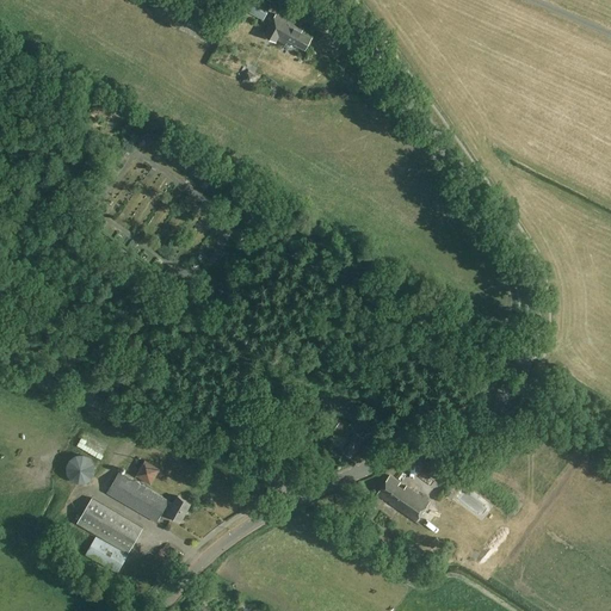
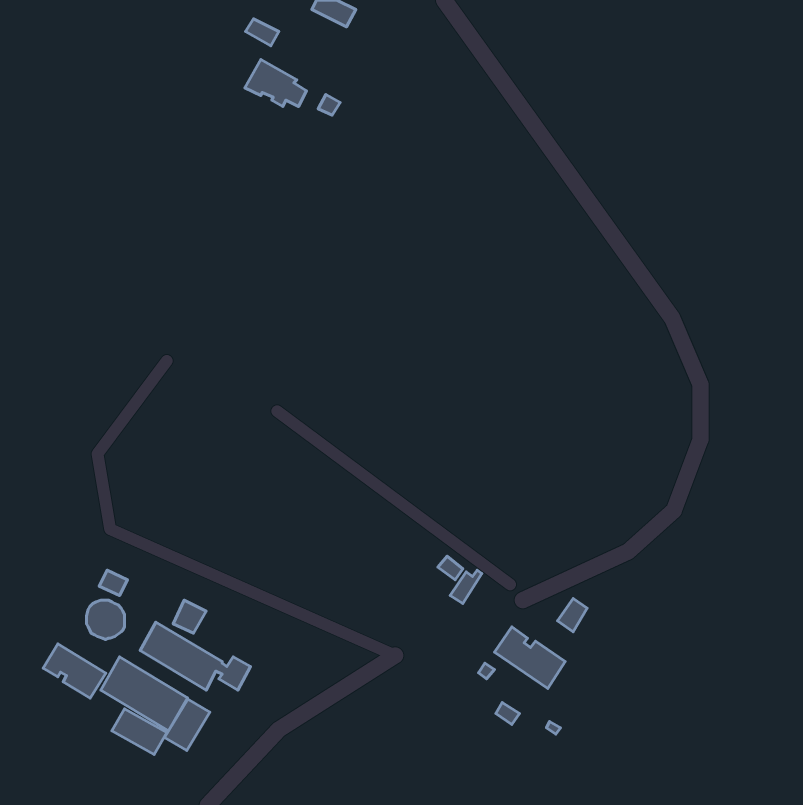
building: [264,14,310,50] -> [245,59,306,107]
building: none -> [43,644,106,698]
building: none -> [165,699,210,751]

